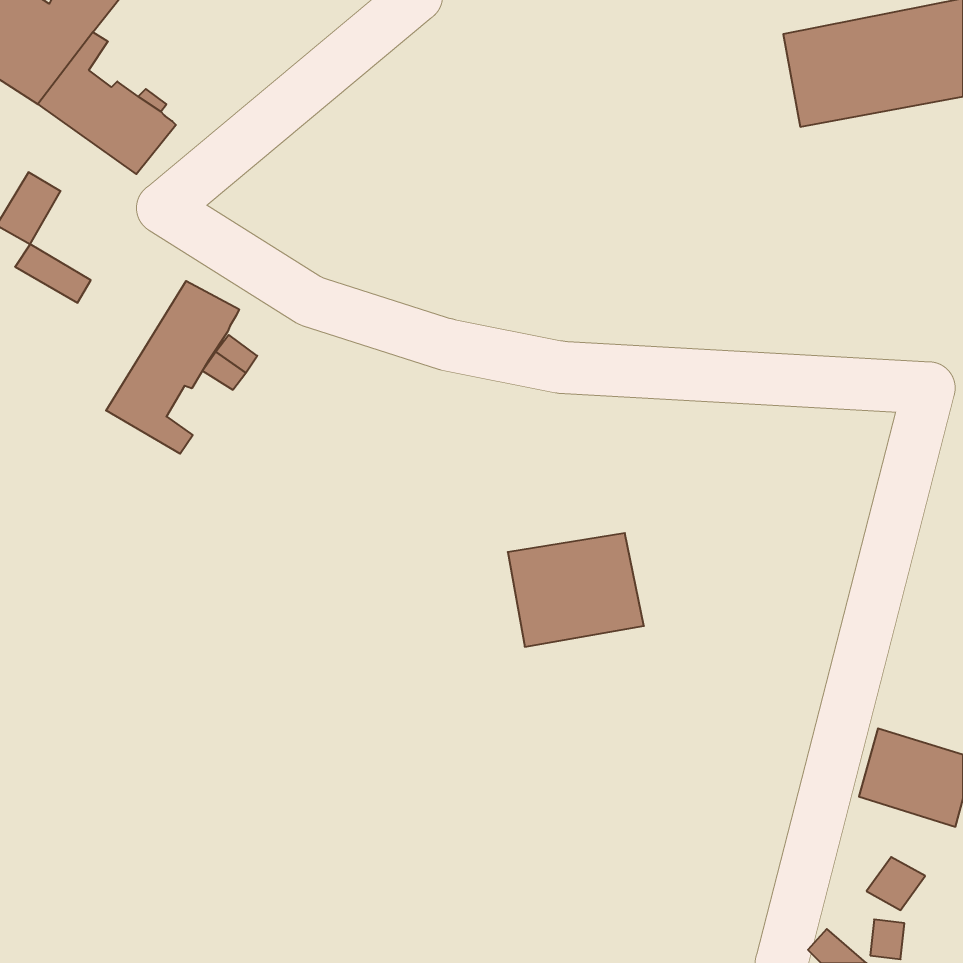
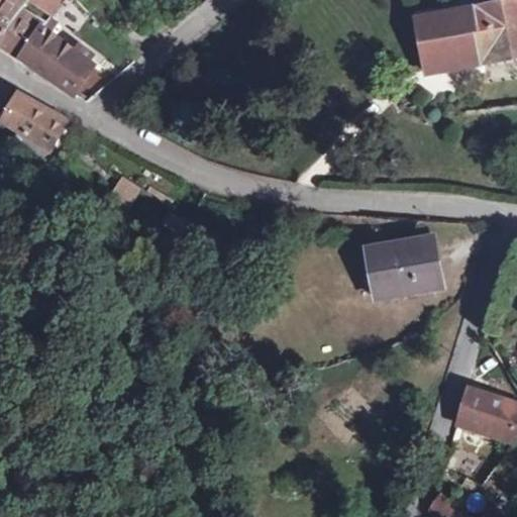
building: none -> [16,102,66,149]
building: [106,281,239,454] -> none
building: [508,533,644,647] -> [369,238,441,299]

